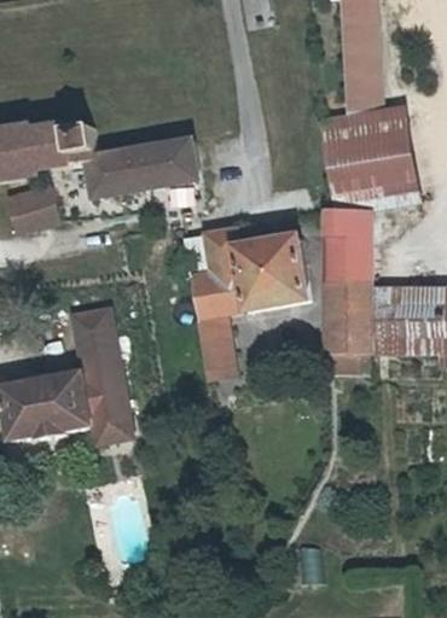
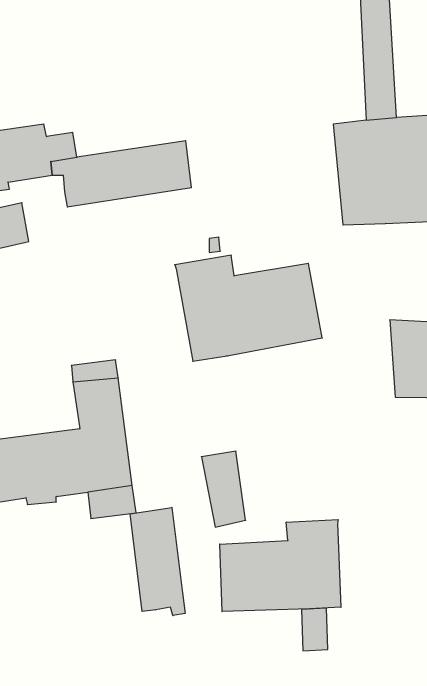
building: [320,200,376,371] -> none
building: [198,316,237,383] -> [201,451,246,527]
building: none -> [130,507,185,616]
building: none -> [220,520,341,612]

